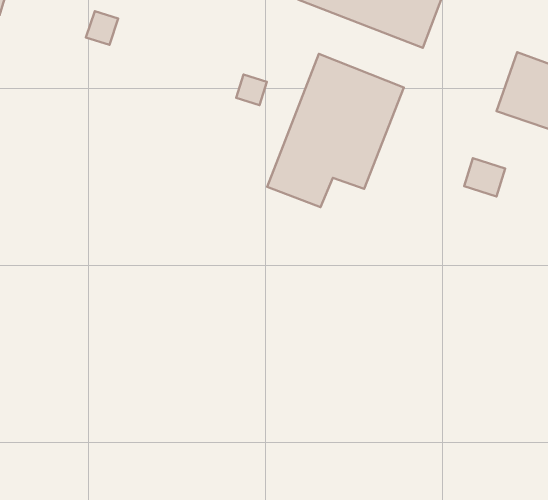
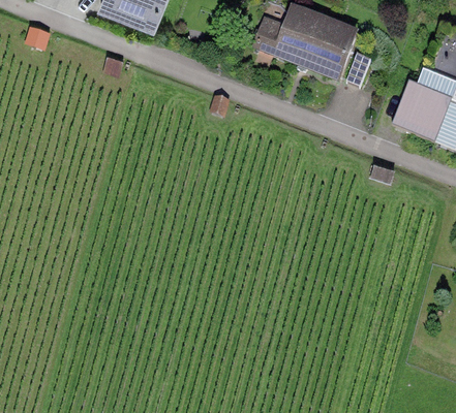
building: [267,54,404,207] -> none

